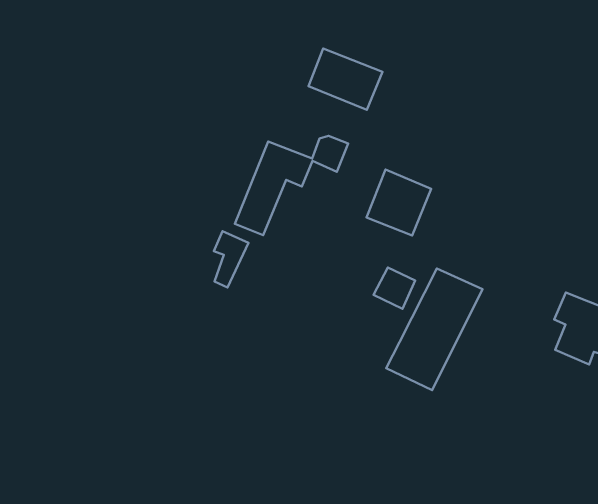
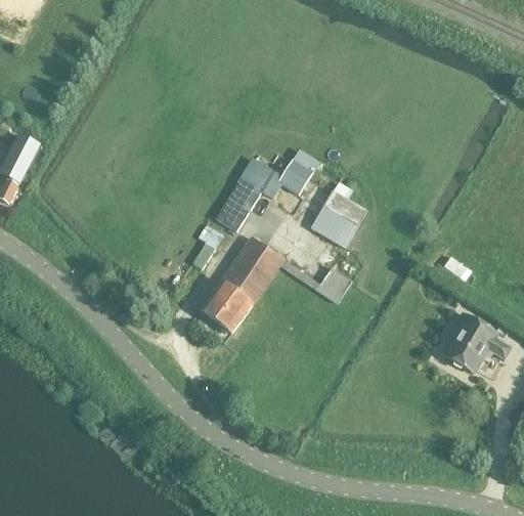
building: [308,49,383,110] -> none
building: [386,268,483,390] -> [199,239,282,332]

